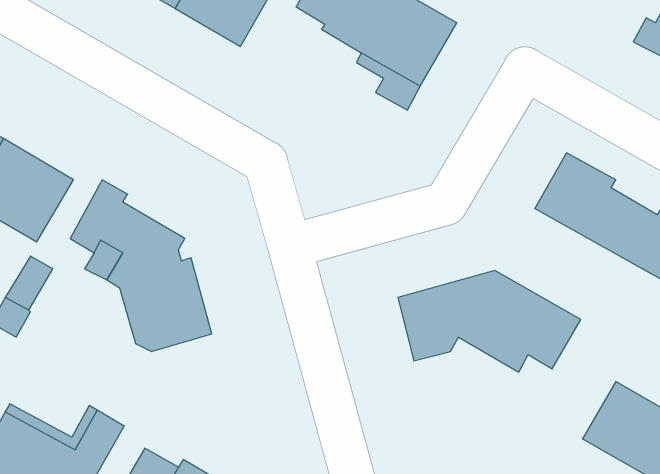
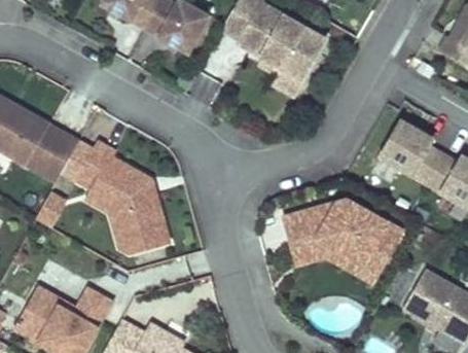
building: none -> [298,242,388,283]

